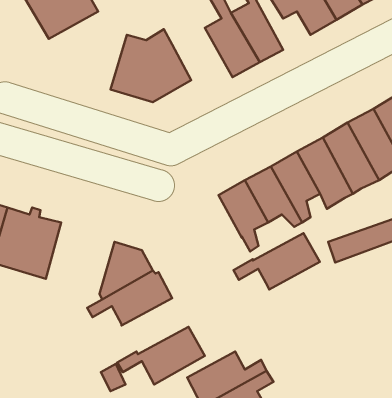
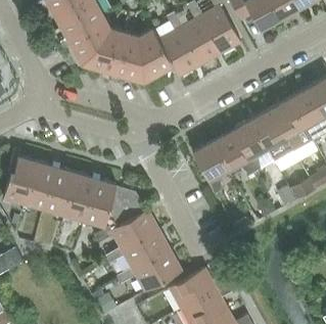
building: none -> [157,12,202,77]
building: none -> [65,14,124,73]
building: none -> [63,172,115,225]
building: [233,233,320,289] -> [105,228,170,270]

